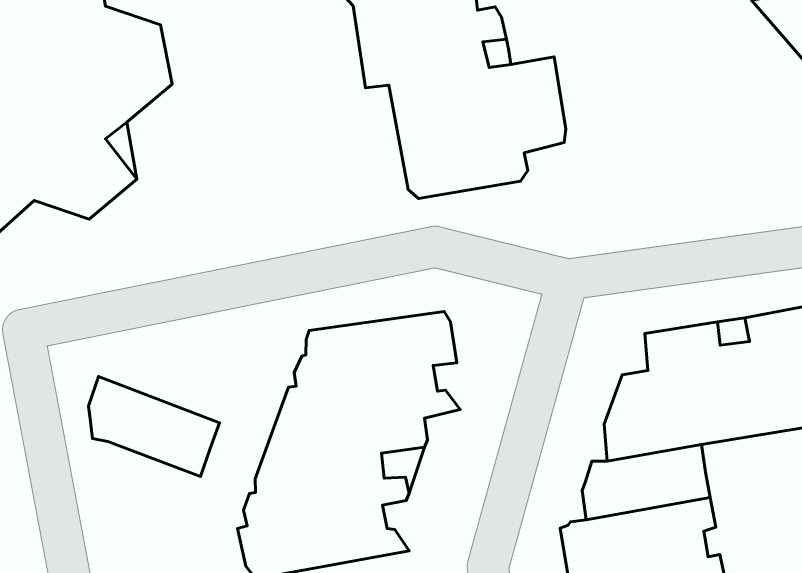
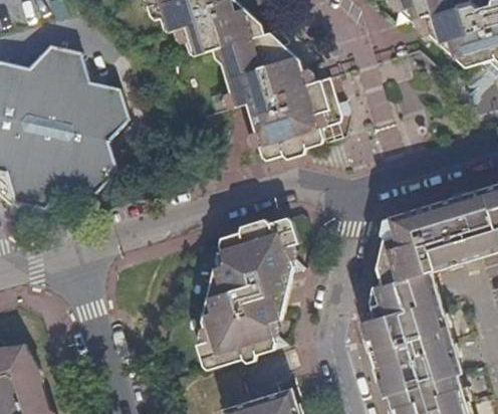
building: [89,376,220,476] -> none

